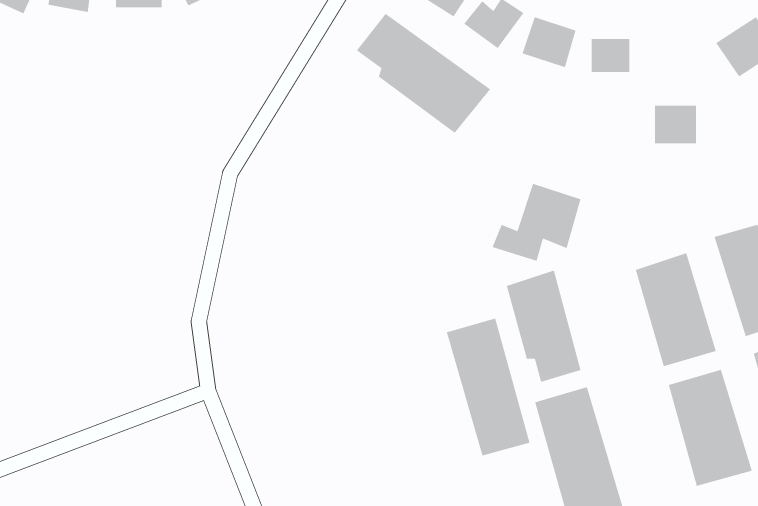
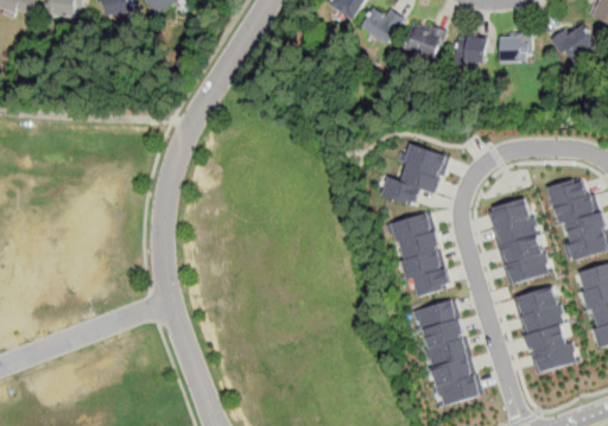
building: [356,13,491,134] -> none
building: [654,105,697,144] -> [498,32,530,62]
building: [446,318,530,457] -> none

